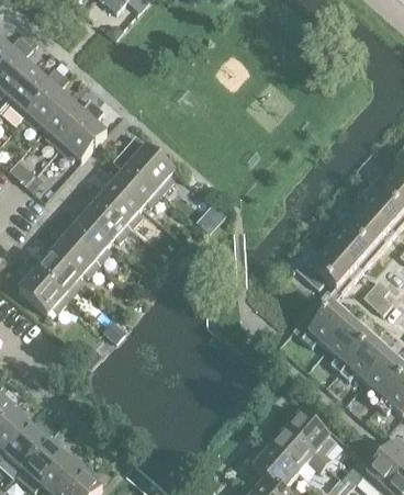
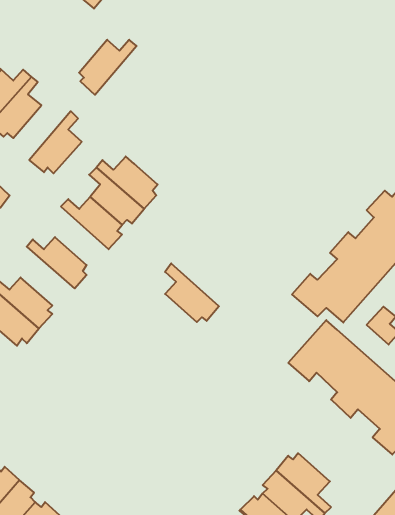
building: [44,99,96,148] -> [79,40,137,95]
building: [81,190,130,243] -> [165,263,219,322]
building: [49,226,99,279] -> none

